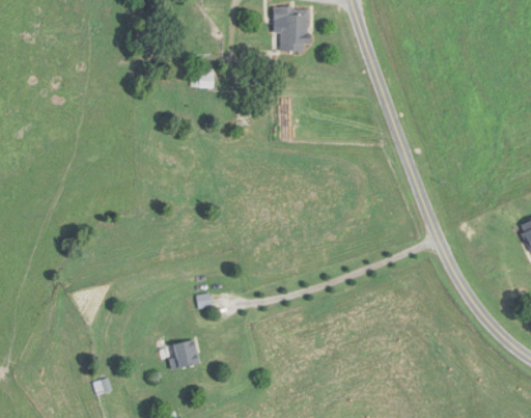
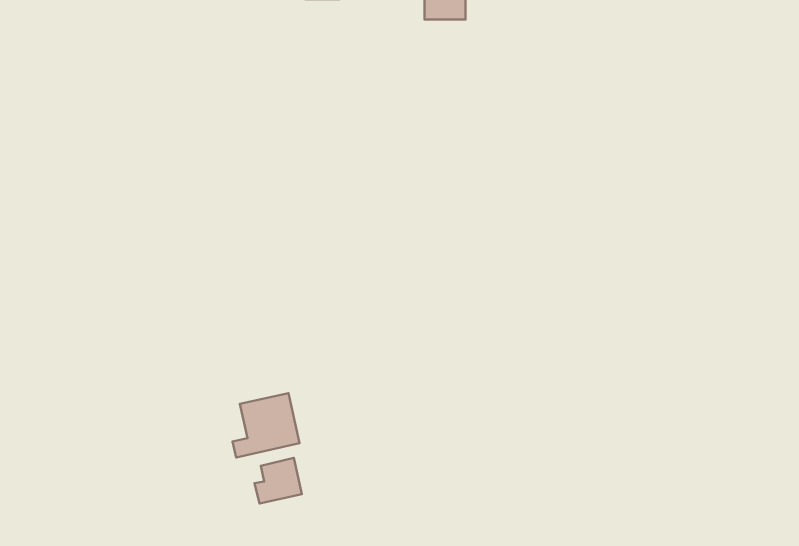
building: none -> [233,393,300,457]

